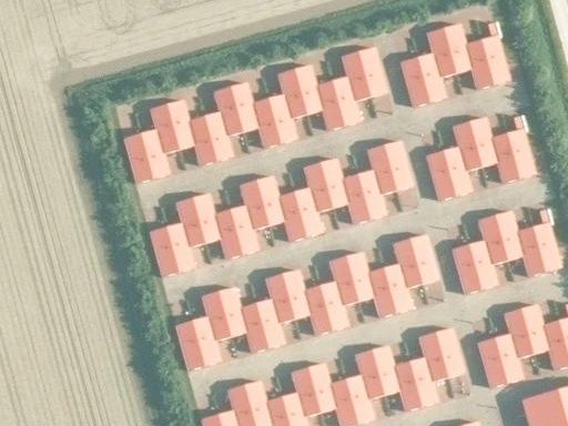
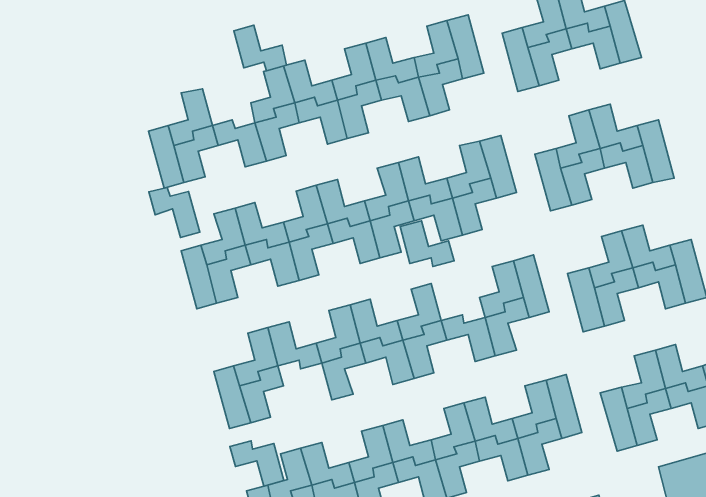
building: [168,100,209,135] -> [234,25,286,71]
building: none -> [149,187,200,238]
building: [346,252,388,287] -> [400,221,454,266]
building: [226,316,268,352] -> [230,441,284,486]

